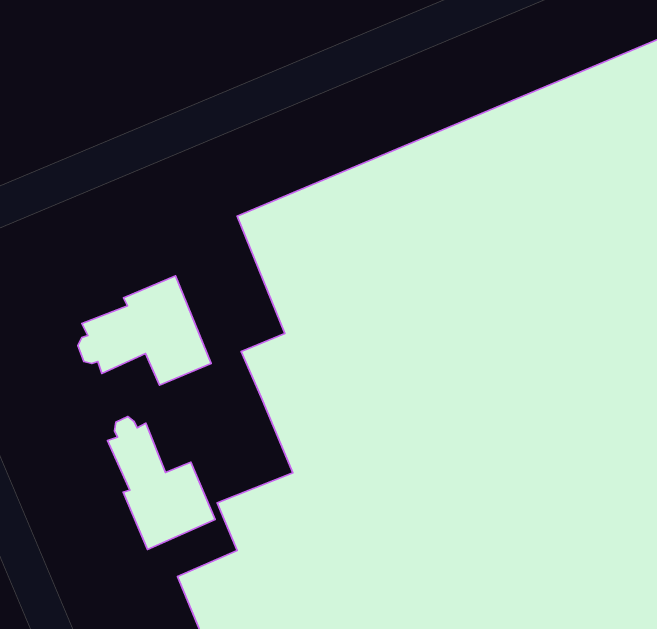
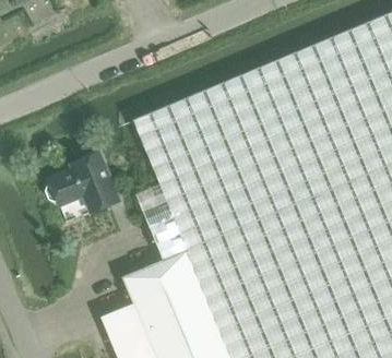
building: [108,416,215,550] -> none

